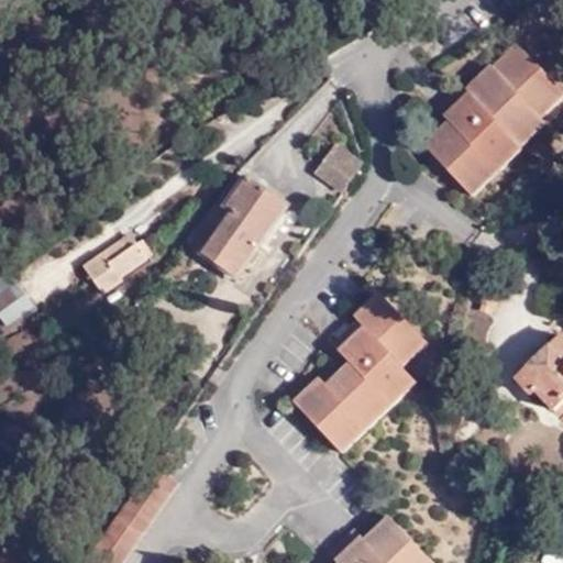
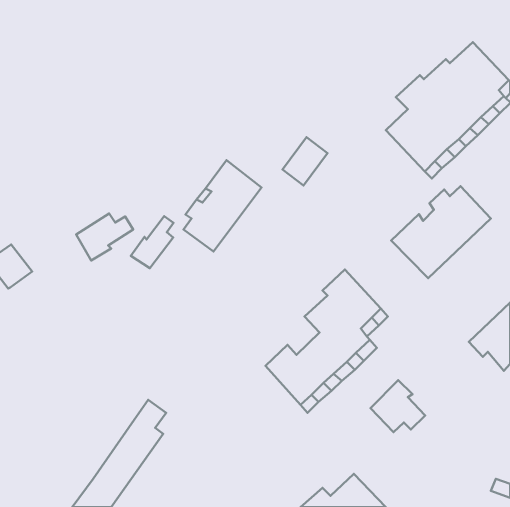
building: none -> [391,186,491,278]
building: none -> [131,216,173,268]
building: none -> [371,380,425,432]

